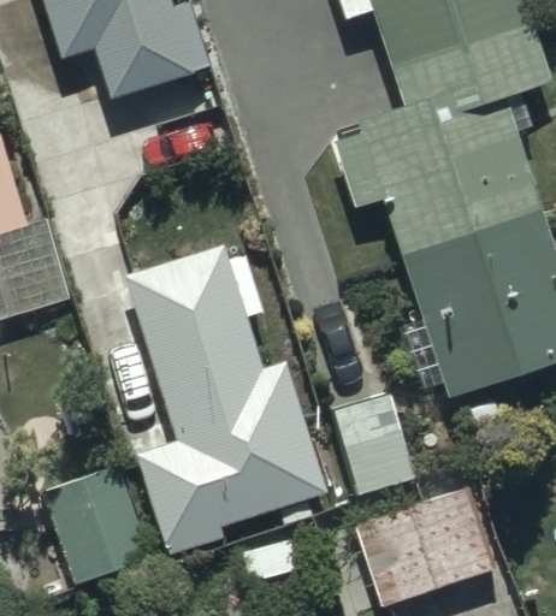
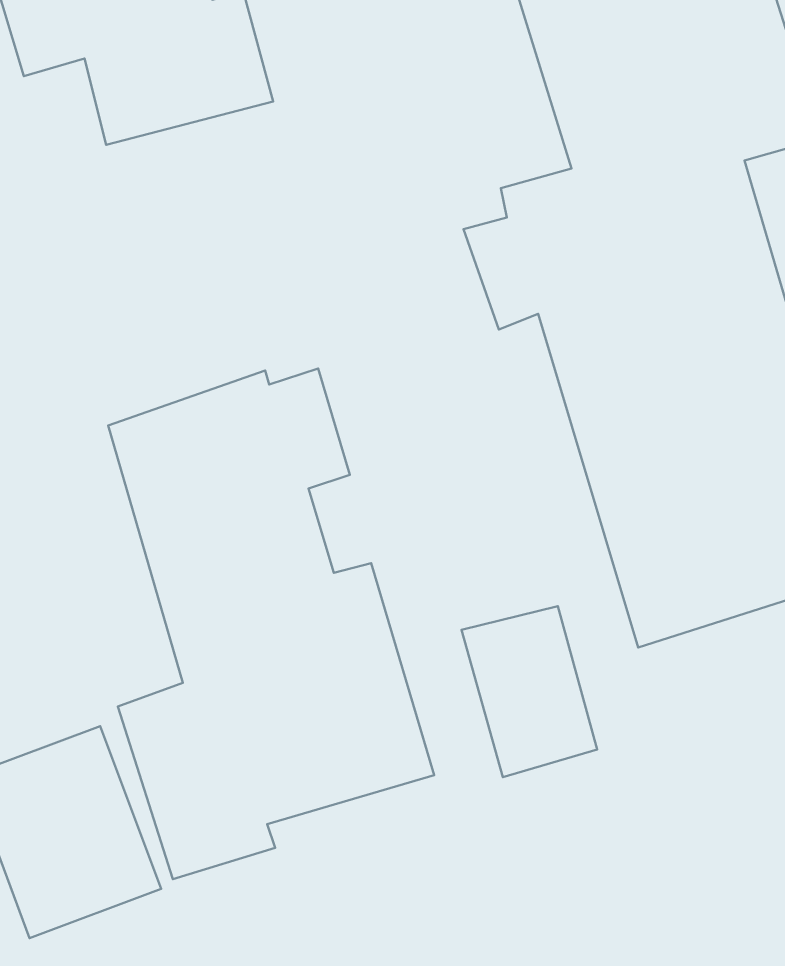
building: [362,484,501,600] -> none

